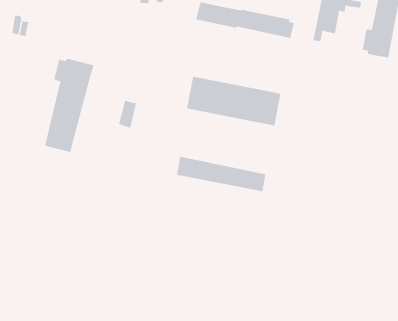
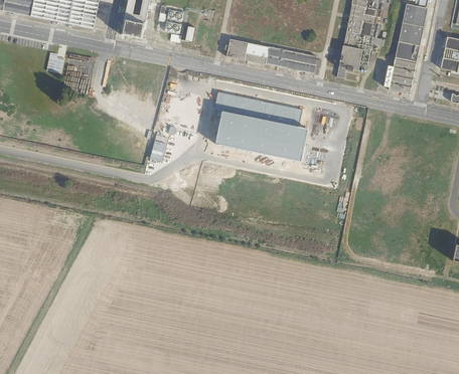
building: [45,58,94,153] -> none
building: [176,156,266,192] -> [215,90,302,125]

